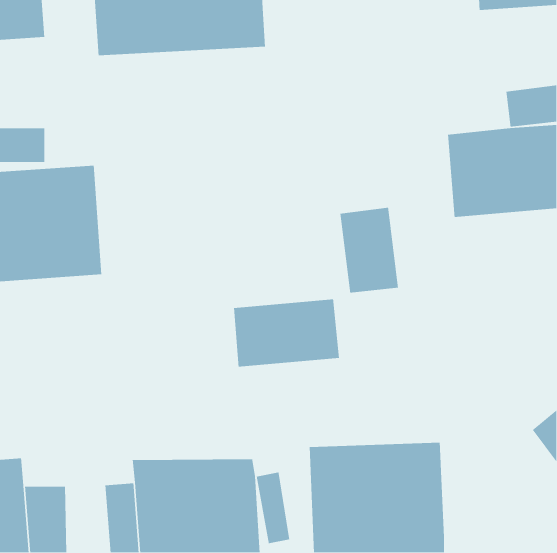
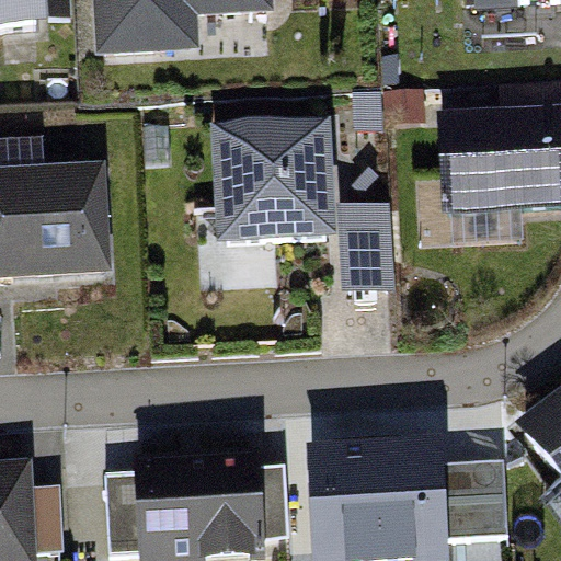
building: none -> [217,136,336,255]
building: [233,299,340,368] -> none
building: none -> [440,460,505,536]

